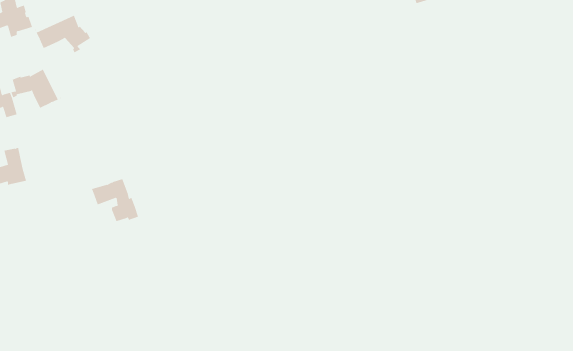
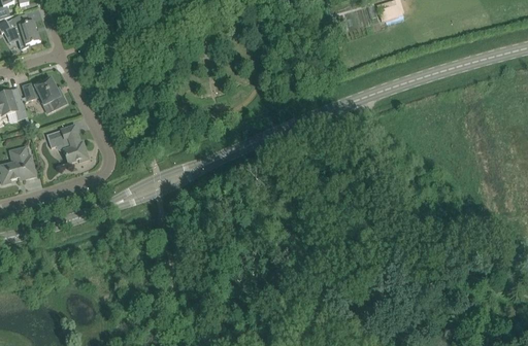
building: [34,15,91,53] -> none
building: [91,178,139,226] -> [45,124,88,166]

